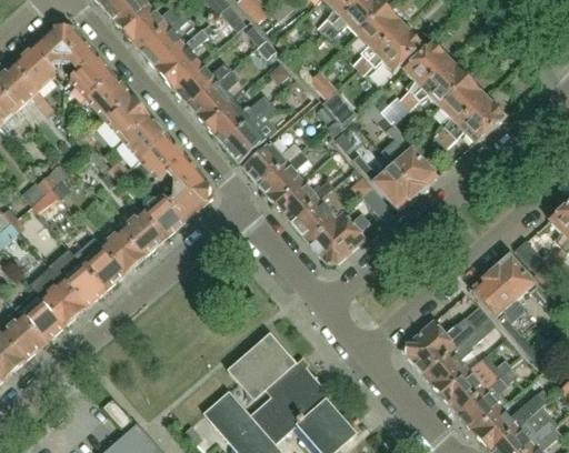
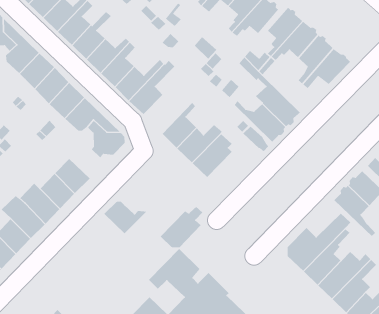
building: [242,144,301,189] -> none
building: [141,195,197,238] -> [103,201,147,234]
building: [312,214,369,265] -> [160,206,203,248]

